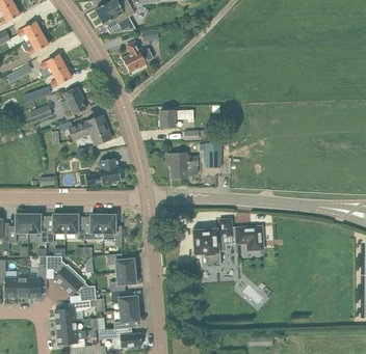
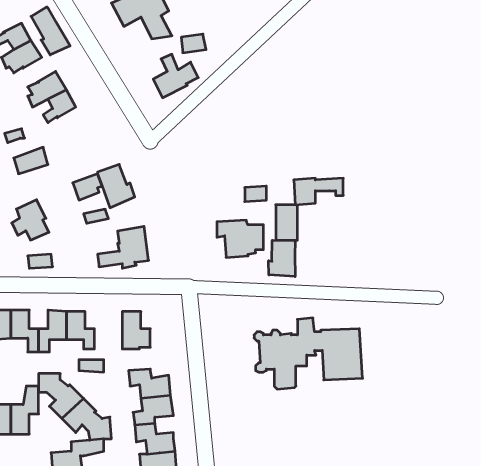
building: none -> [31,7,70,55]
building: [61,87,86,114] -> [12,200,49,240]
building: [160,110,193,128] -> [294,178,343,205]
building: none -> [269,240,295,277]
building: [84,215,103,240] -> none

